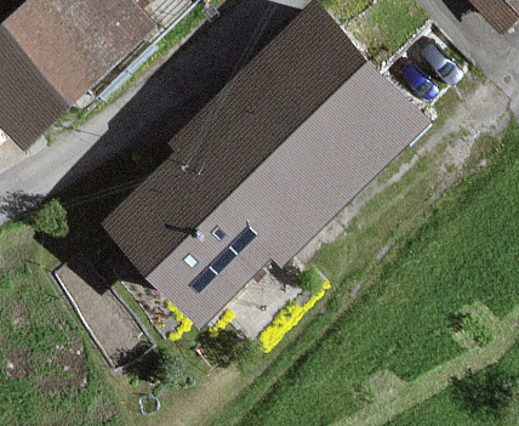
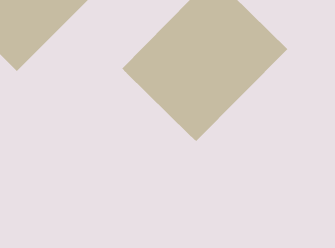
building: [118,146,281,308] -> none

